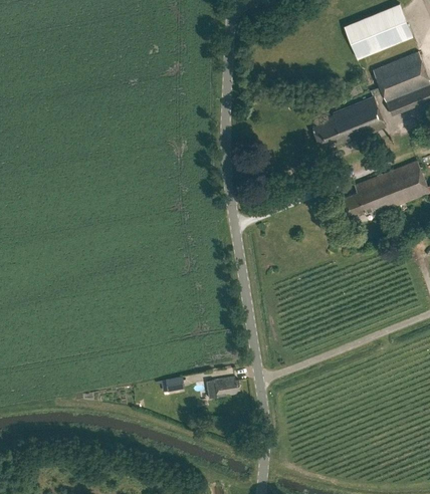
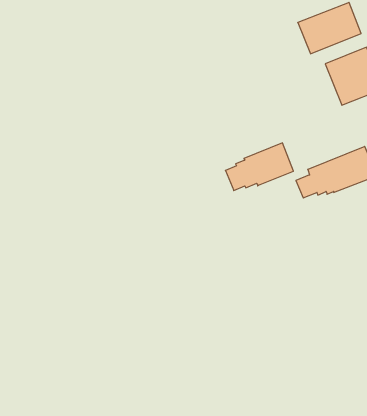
building: [310,96,385,149] -> [225,143,293,191]
building: [205,377,238,399] -> none

